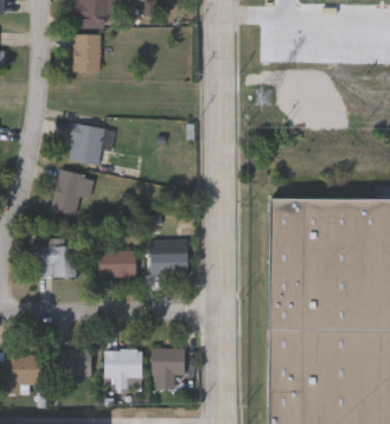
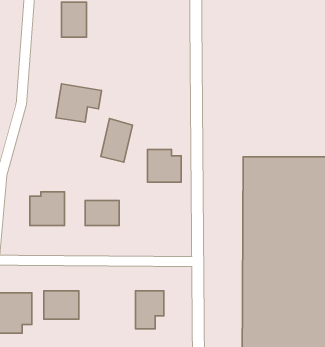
building: [51,167,85,214] -> [101,118,132,162]
building: [151,239,187,275] -> [147,149,181,182]
building: [104,348,141,388] -> none

